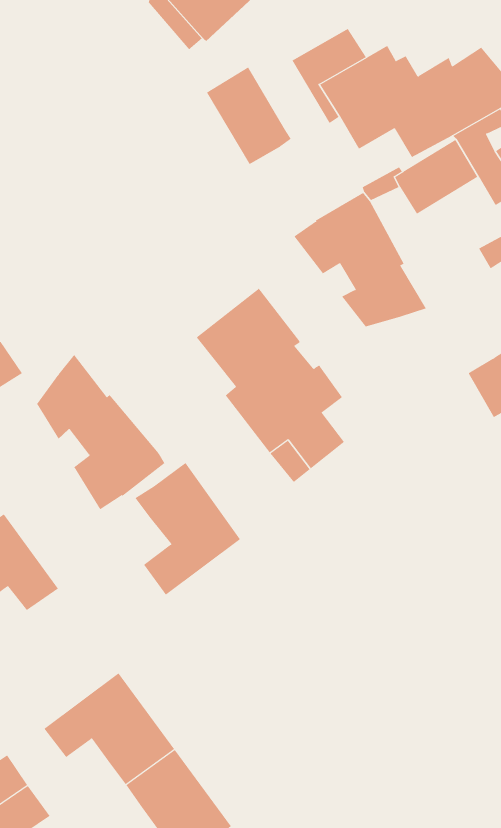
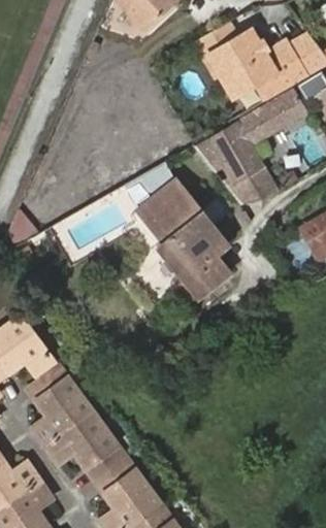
building: [206,66,291,165] -> none
building: [37,354,165,510] -> none
building: [135,462,241,595] -> [29,365,93,446]

